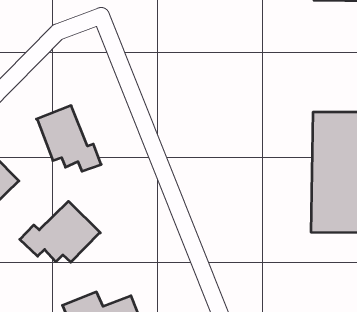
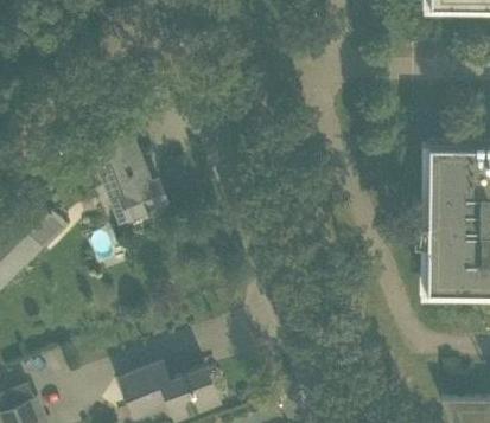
building: [20,201,100,262] -> none

